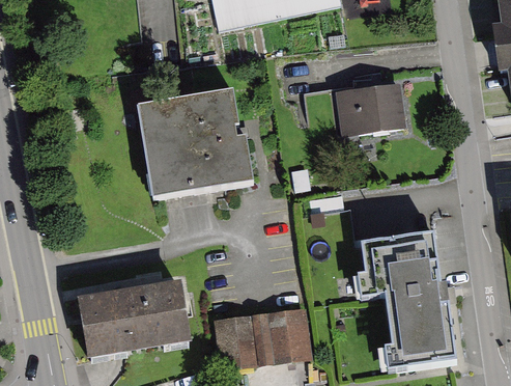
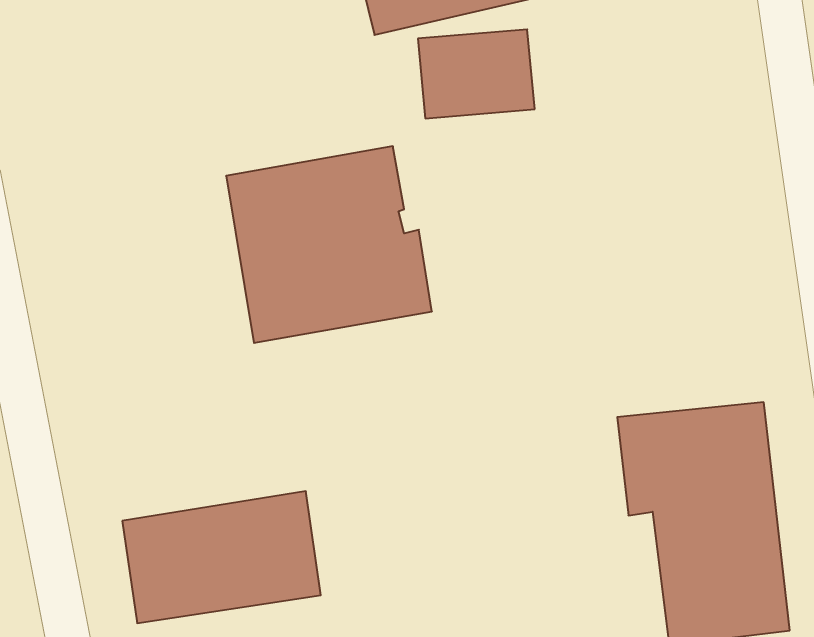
building: [341,84,406,134] -> [418,29,535,118]
building: [218,299,310,358] -> none

